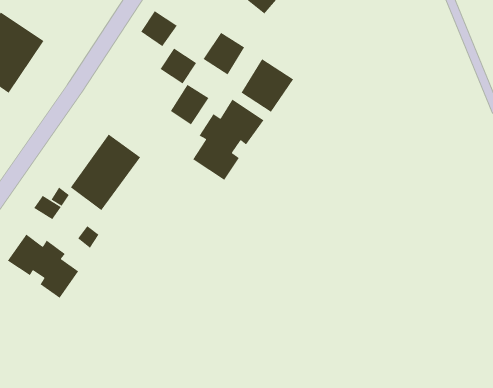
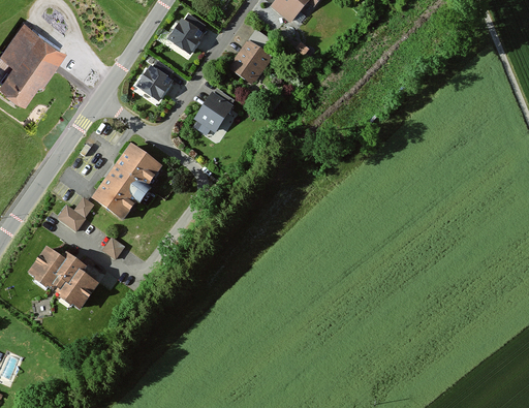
building: [159,48,197,84] -> [132,65,170,102]
building: [241,58,294,113] -> none
building: [192,99,264,181] -> none

